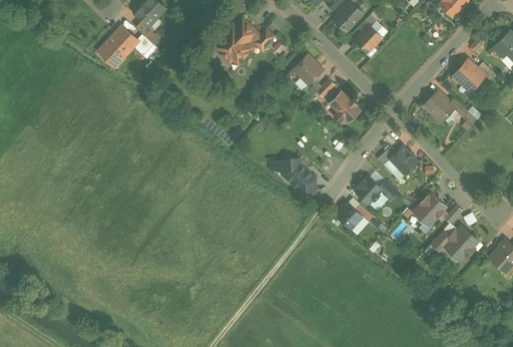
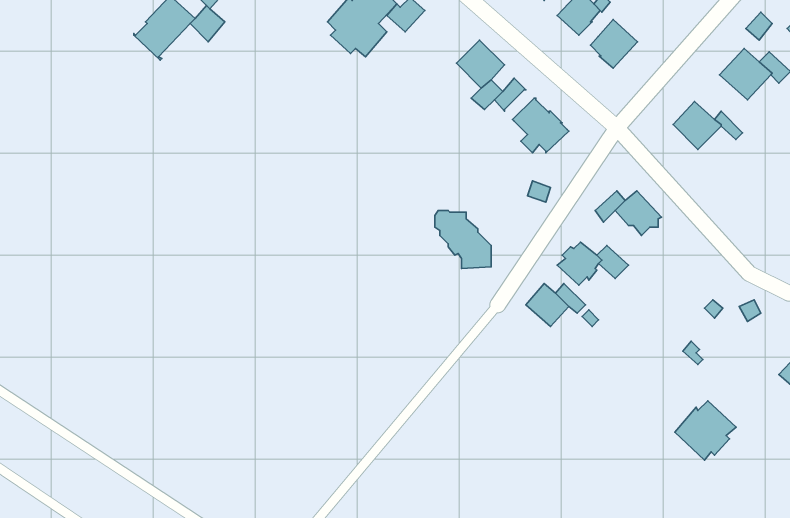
building: none -> [591,19,638,68]
building: [412,192,445,226] -> none
building: [441,225,478,261] -> [675,401,736,460]

